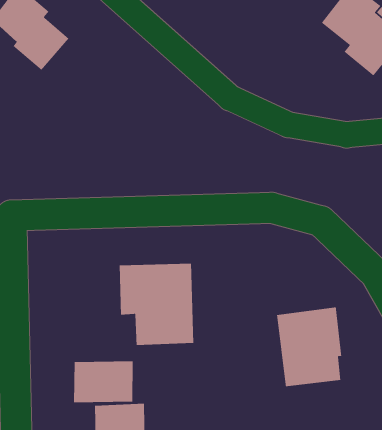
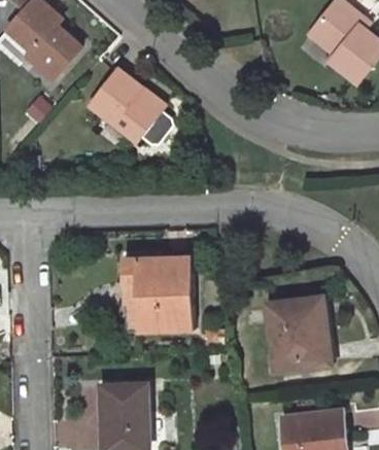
building: none -> [89,71,164,145]
building: [73,360,134,403] -> none

